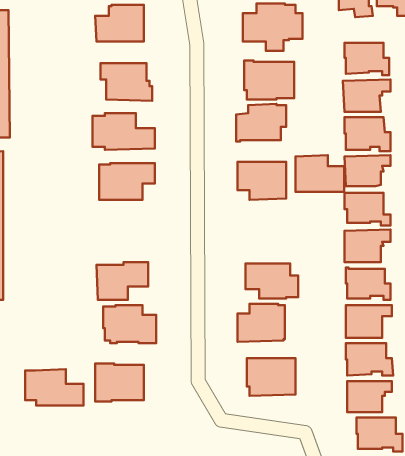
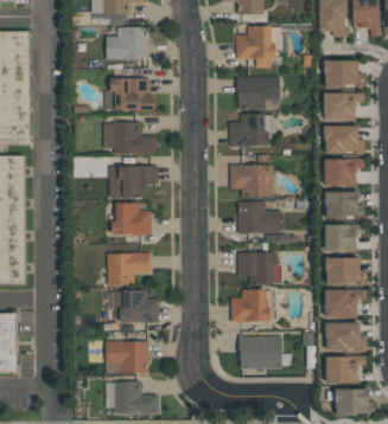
building: [295,155,344,192] -> [237,201,280,233]
building: none -> [112,203,151,235]
building: [25,369,83,406] -> [106,381,157,413]

